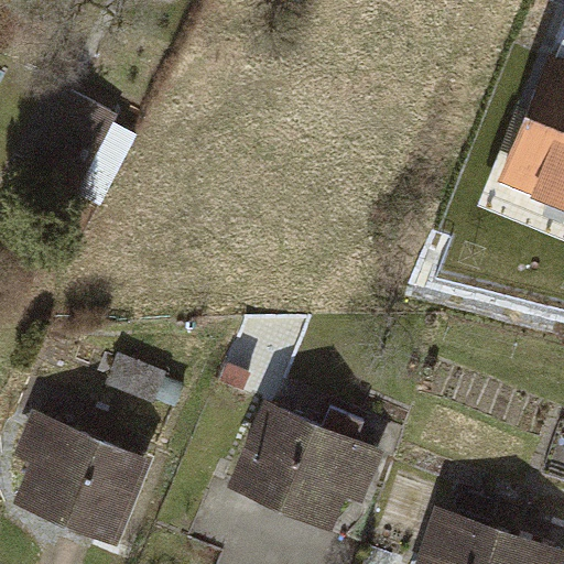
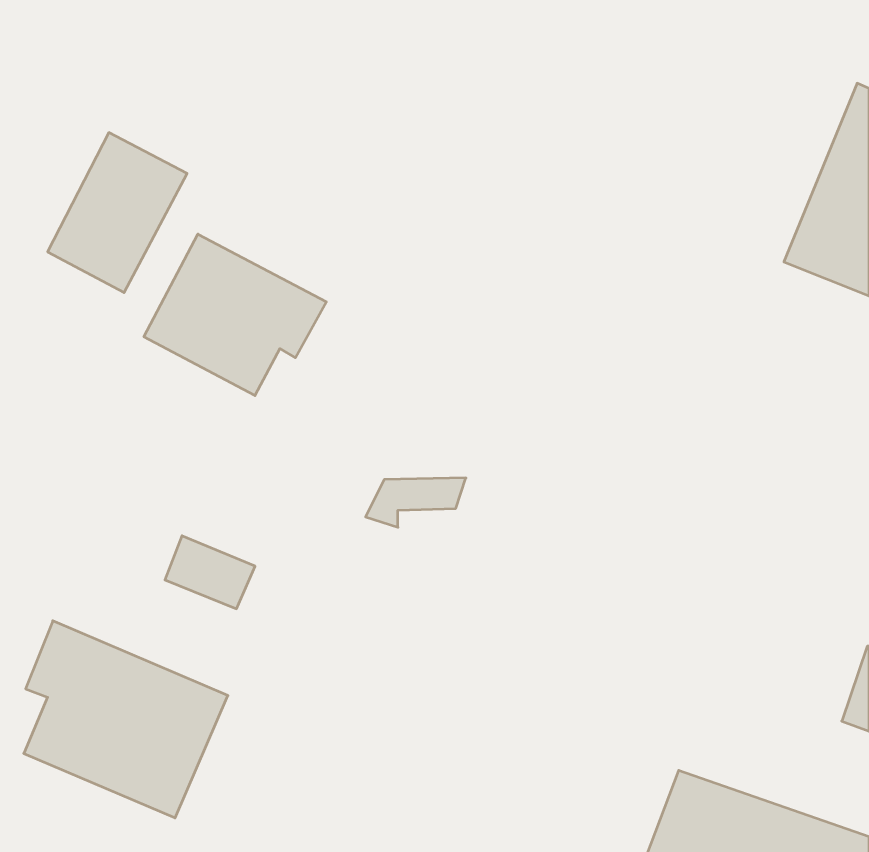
building: none -> [144,234,326,396]
building: [225,401,383,531] -> none

